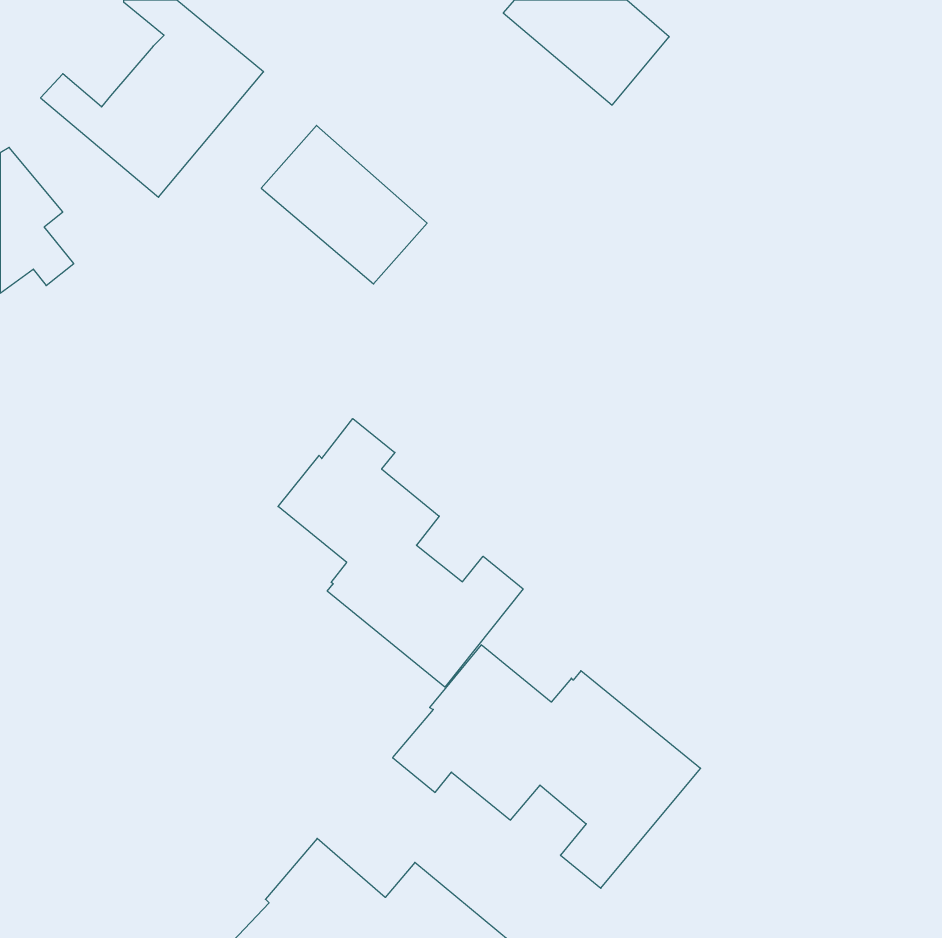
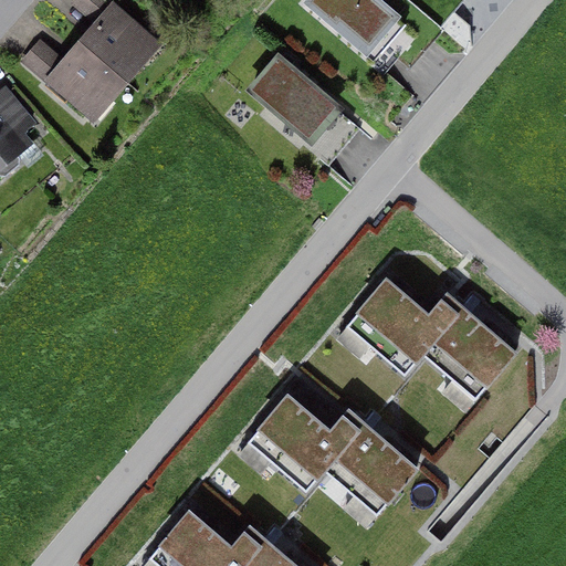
building: [261,125,427,284] -> [245,59,345,154]
building: [278,419,523,687] -> none
building: none -> [337,273,520,412]

